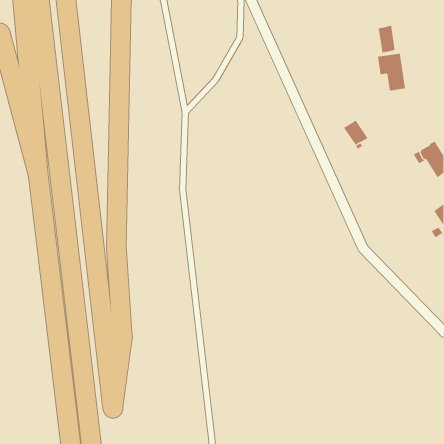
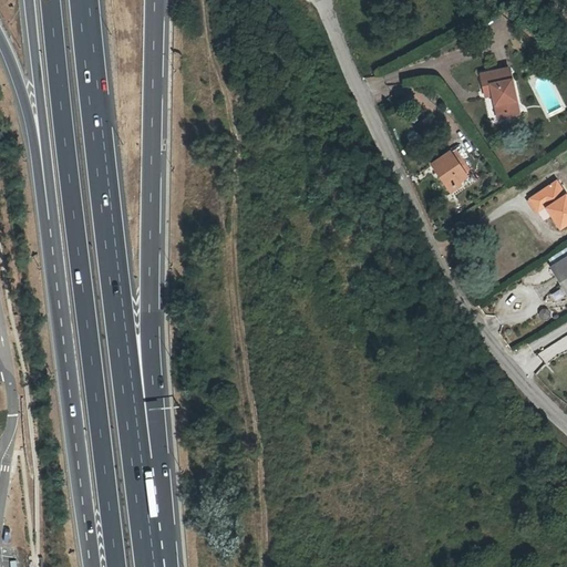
building: [378,25,395,53] -> none

